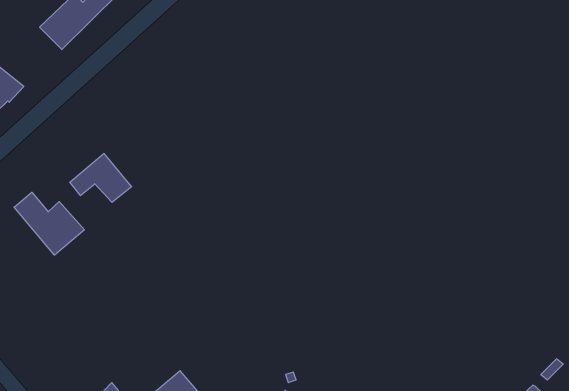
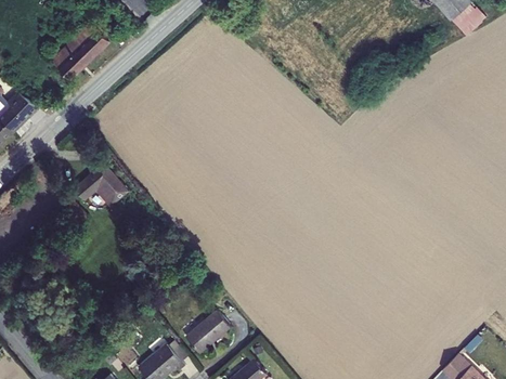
building: [14,192,84,255] -> none
building: none -> [186,311,231,353]

